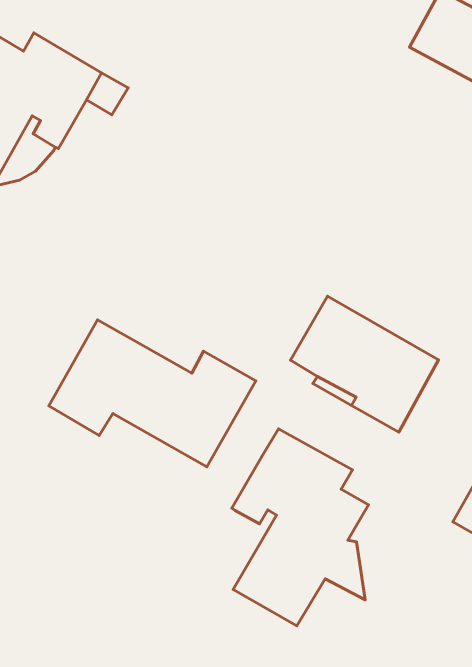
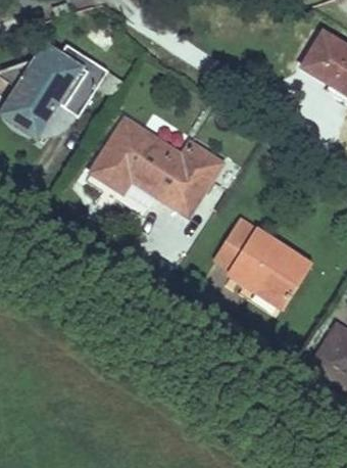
building: [49,320,256,467] -> [91,119,221,215]
building: [232,429,369,626] -> none

